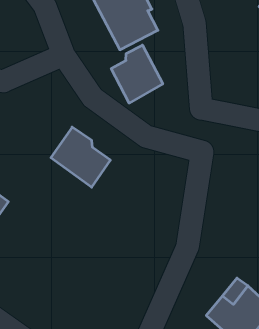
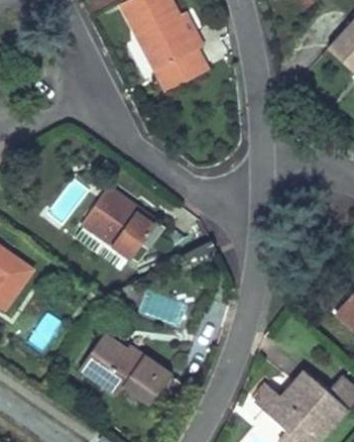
building: [111,45,163,103] -> none
building: none -> [77,334,166,405]

